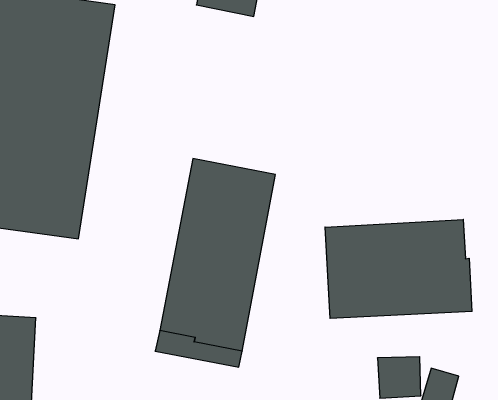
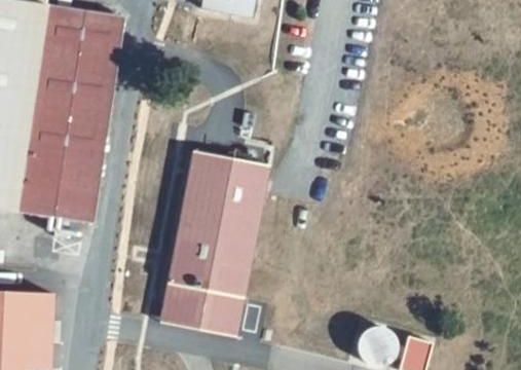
building: [325,219,472,318] -> none

